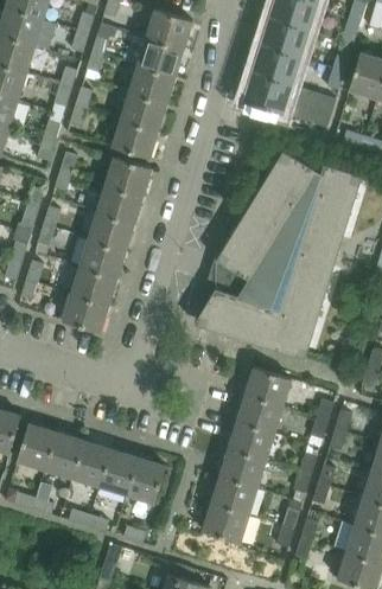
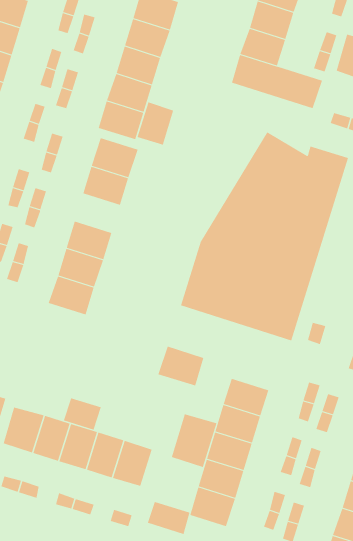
building: none -> [137,101,174,145]
building: [88,212,134,251] -> none
building: [244,367,291,408] -> [158,346,204,386]
building: none -> [63,397,101,430]
building: none -> [171,414,217,468]
building: none -> [147,501,190,535]

